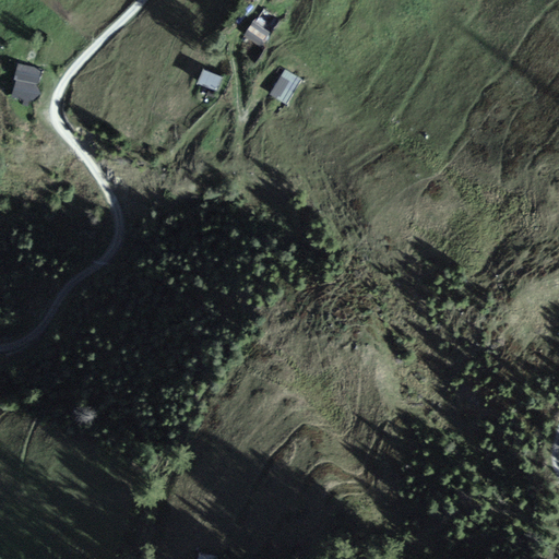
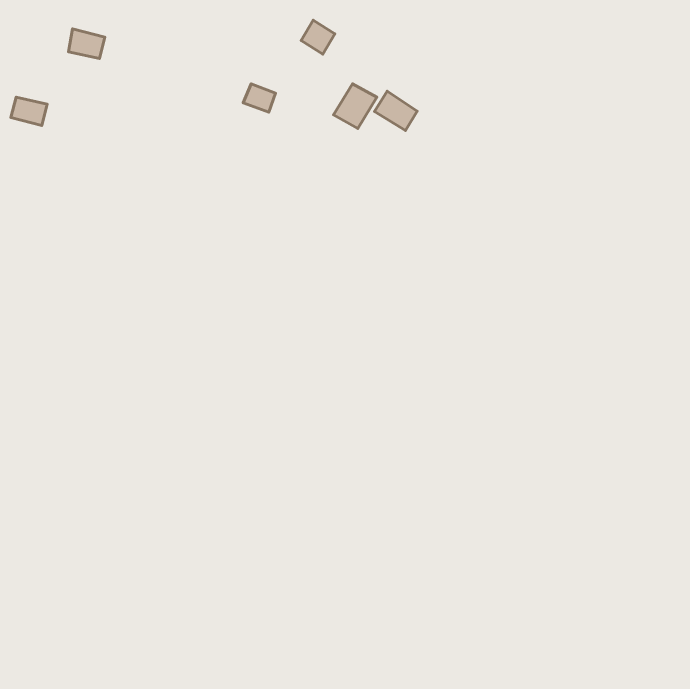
building: [13,61,43,85] -> [68,29,105,59]
building: none -> [374,91,417,130]

